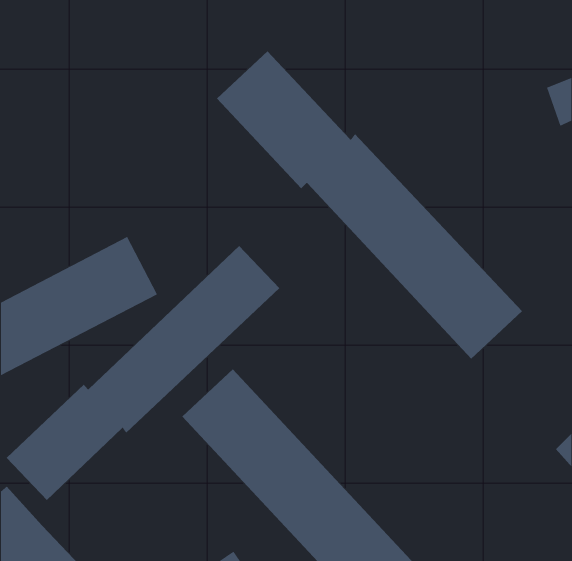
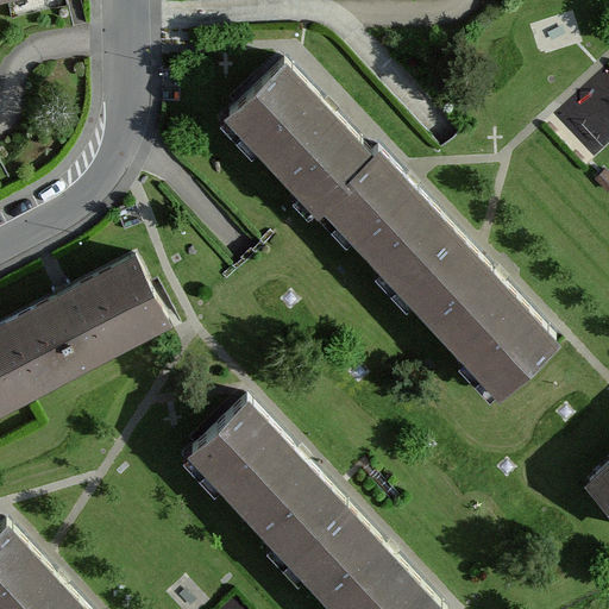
building: [6,245,280,501] -> none

